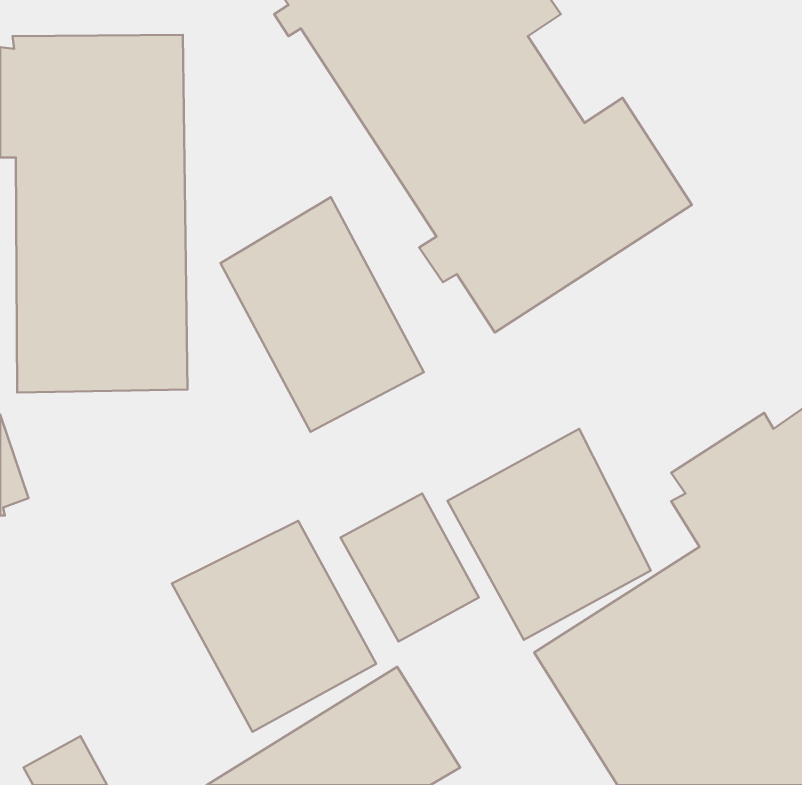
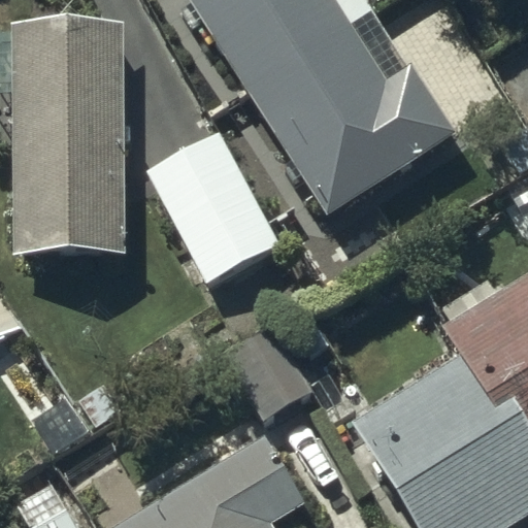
building: [448,429,651,640] -> none
building: [172,521,376,732] -> none

